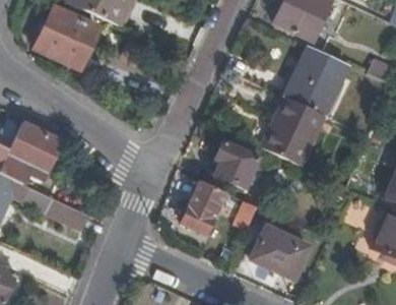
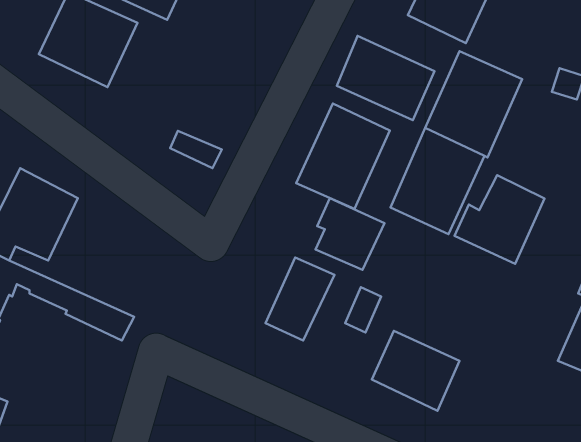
building: none -> [337,36,435,120]
building: none -> [296,103,390,209]
building: none -> [454,175,544,264]

